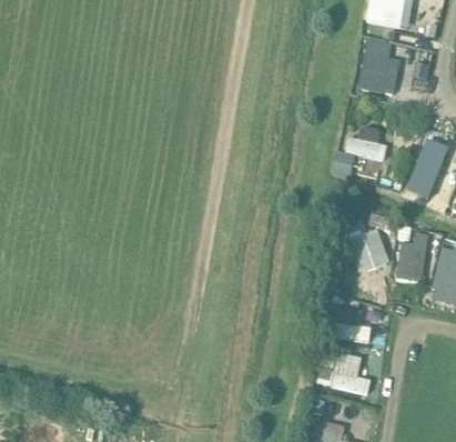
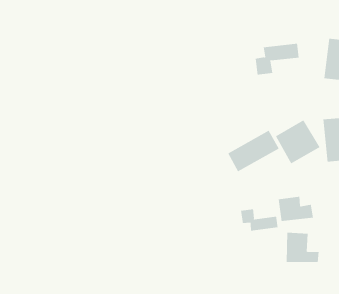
building: none -> [227,130,279,172]
building: none -> [241,208,278,231]

